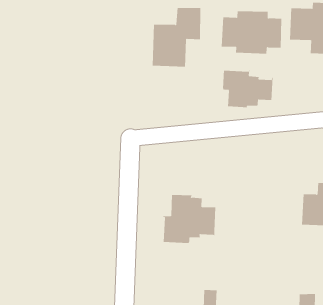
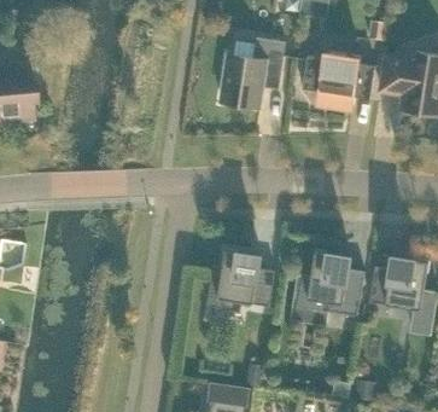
building: [220,70,273,108] -> none
building: none -> [300,251,364,317]

